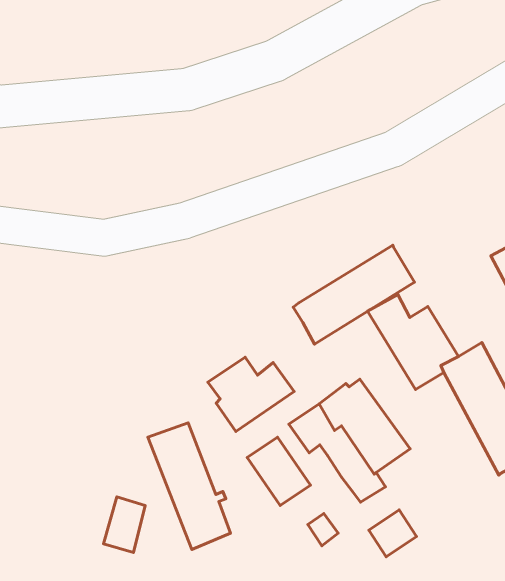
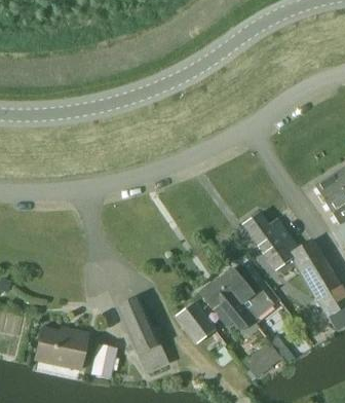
building: [293,245,414,344] -> none
building: [208,357,294,431] -> none
building: none -> [35,328,88,370]

